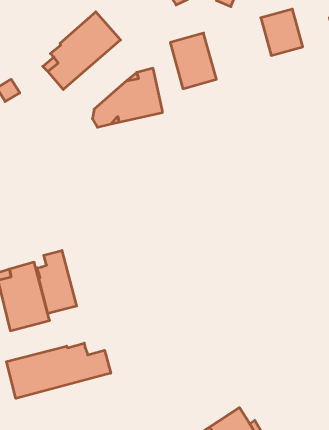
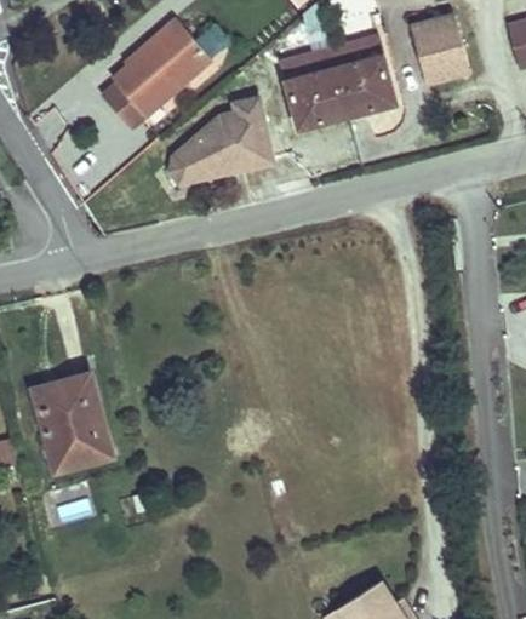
building: none -> [330,36,395,115]
building: [37,250,77,313] -> none
building: [6,343,111,398] -> none

